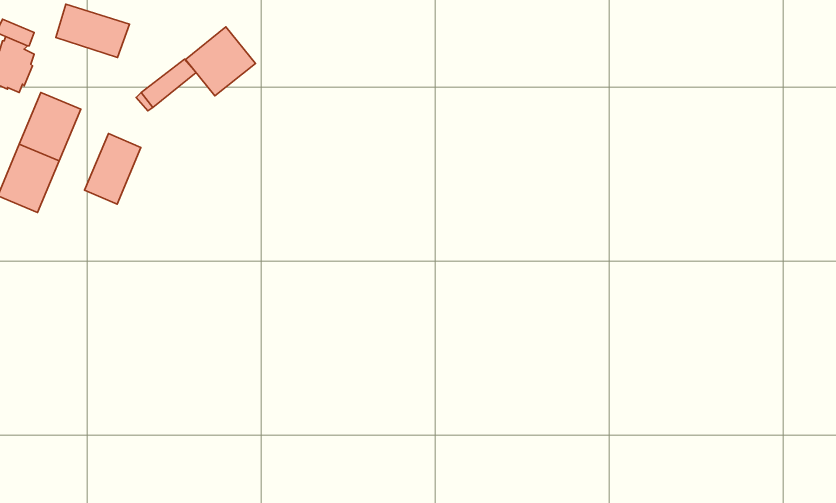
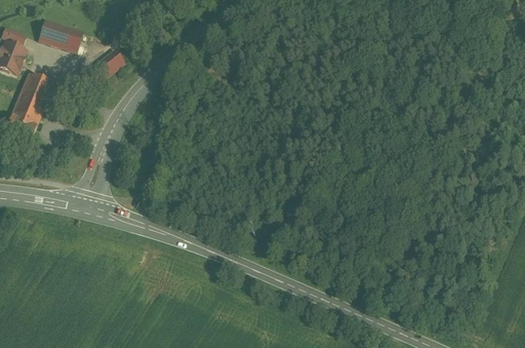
building: [185,27,255,96] -> none
building: [85,134,141,204] -> none

